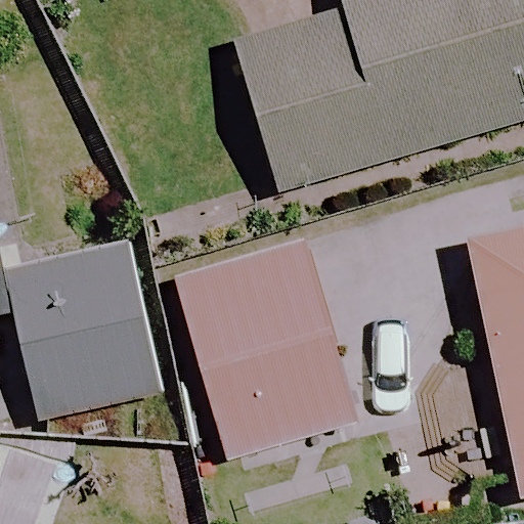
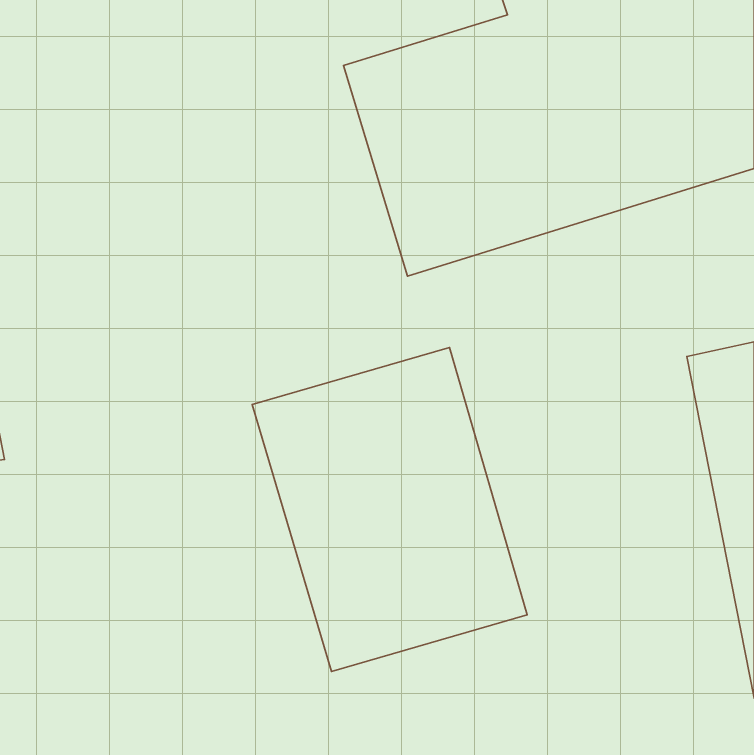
building: [6,244,157,418] -> none

